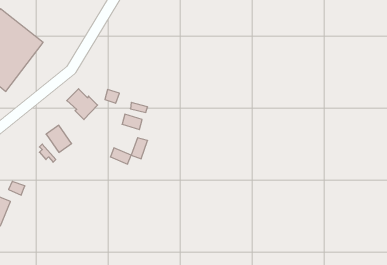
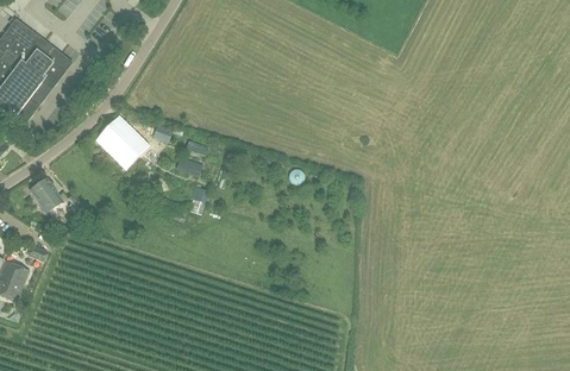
building: [46,125,72,152] -> [29,176,62,212]

